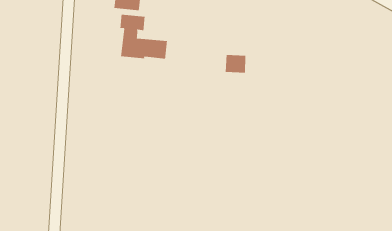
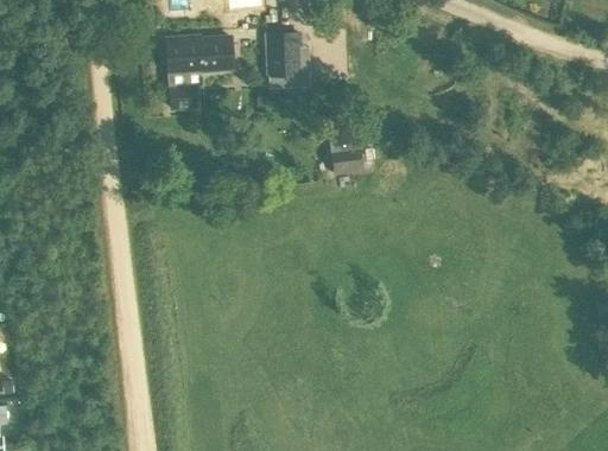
building: [120,14,168,59] -> none

